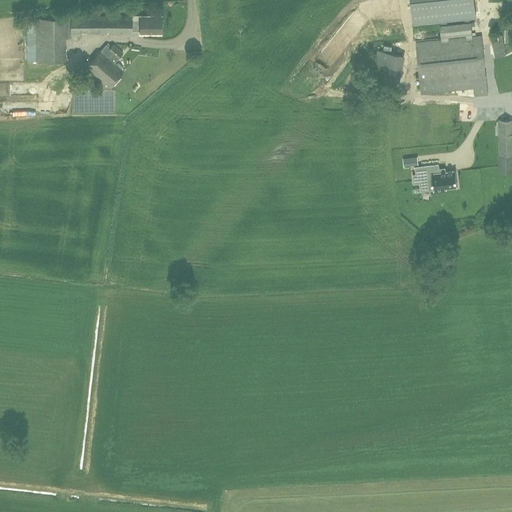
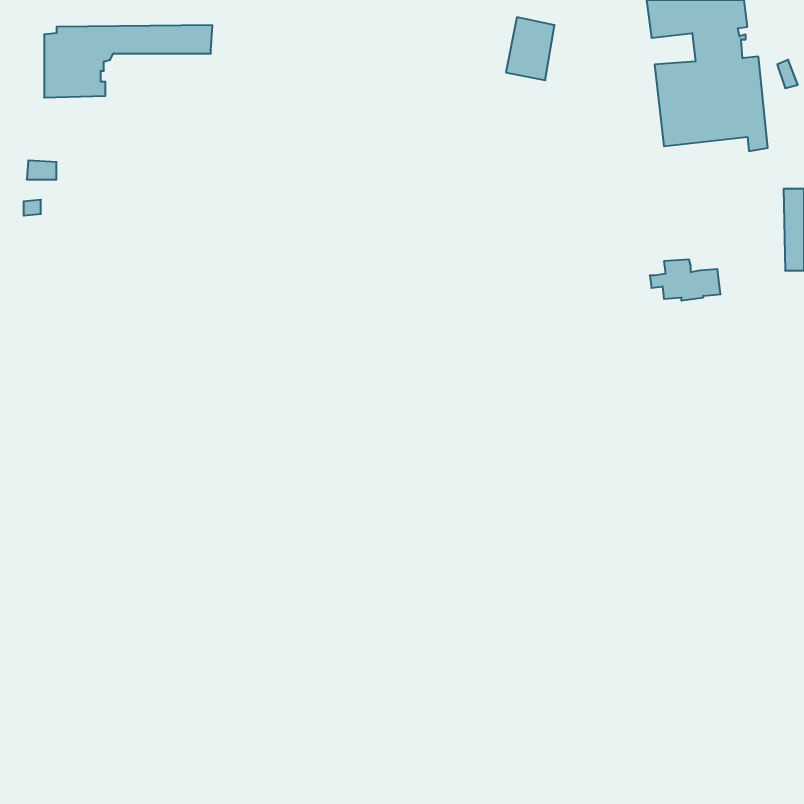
building: [134,16,162,33] -> none
building: [87,45,124,88] -> none
building: [371,49,402,89] -> [506,17,555,80]

